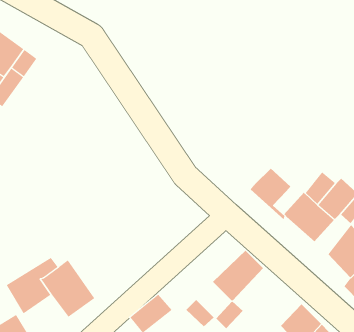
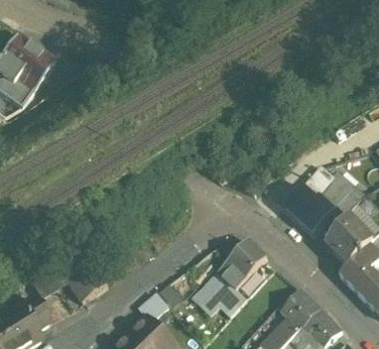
building: [250,168,291,220] -> none
building: none -> [203,268,236,303]

